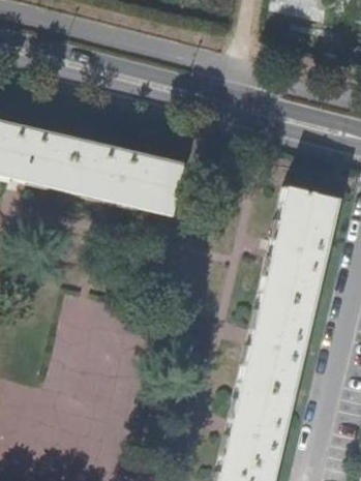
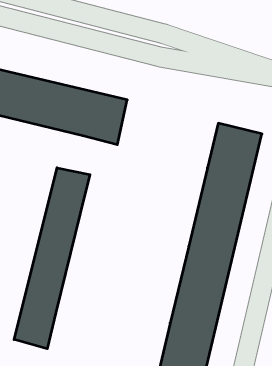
building: none -> [14,168,90,349]

